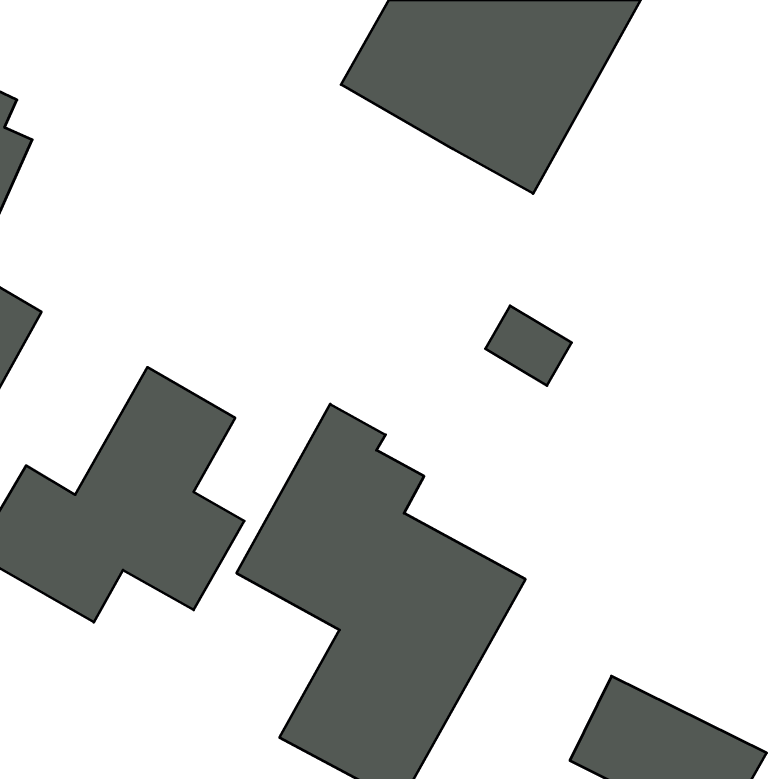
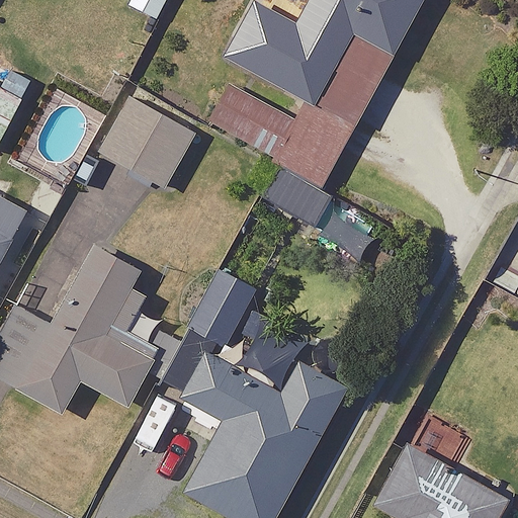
building: none -> [207,81,351,233]
building: none -> [101,98,195,188]

